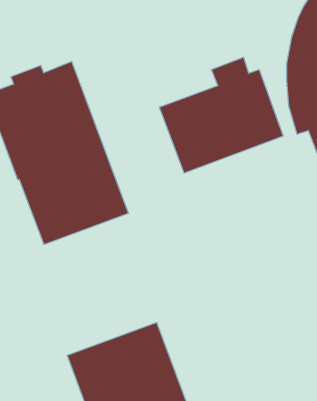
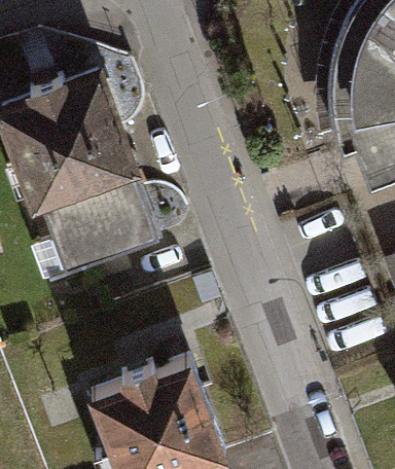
building: [159,57,283,173] -> none

